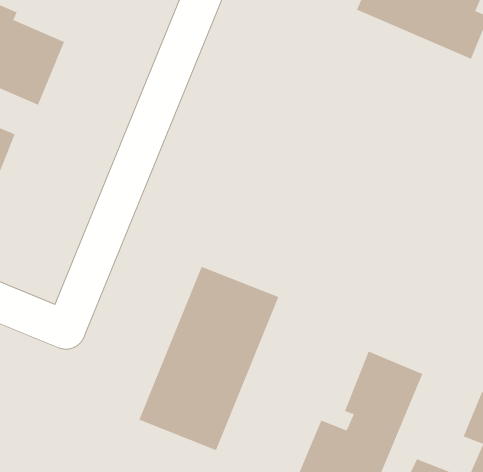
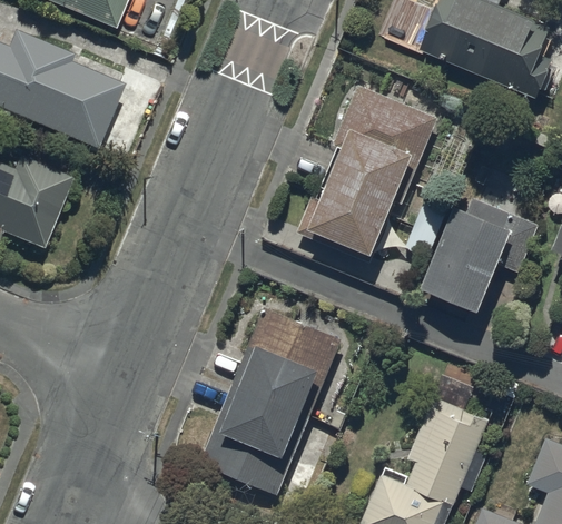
building: none -> [295,85,436,264]
building: none -> [420,197,538,312]

